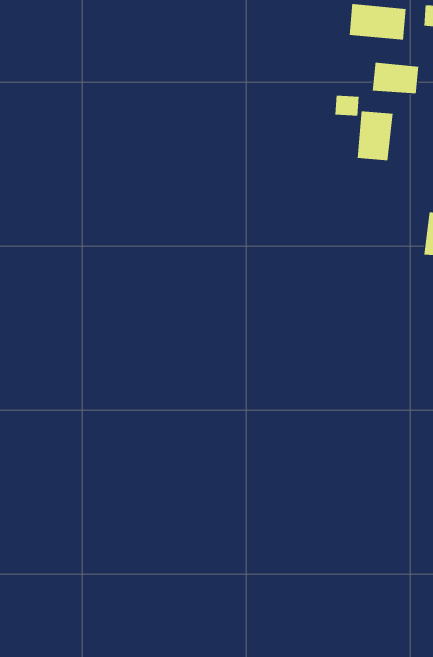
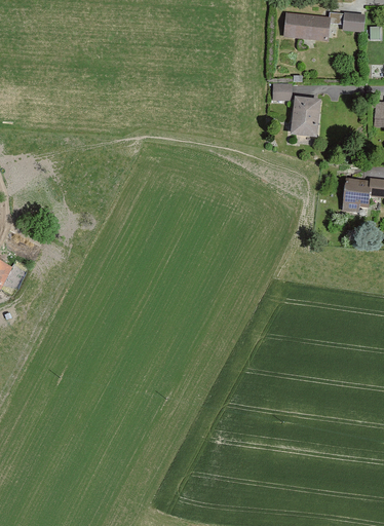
building: [372,62,419,94] -> none

